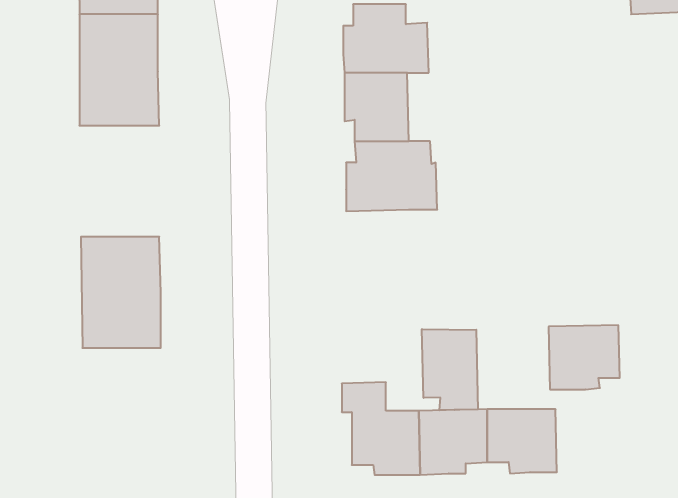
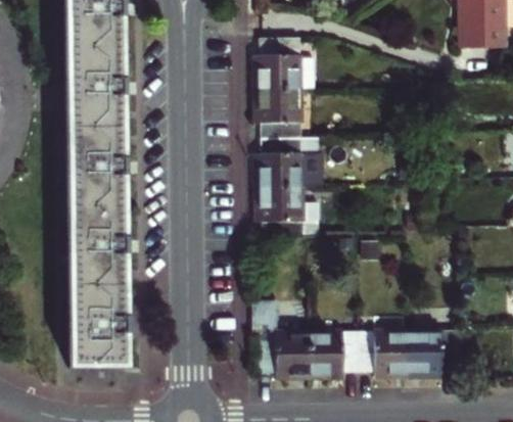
building: none -> [67,127,125,206]
building: none -> [259,187,305,237]
building: [549,325,620,389] -> [409,329,460,375]
building: [422,329,478,410] -> none
building: none -> [69,286,127,366]

